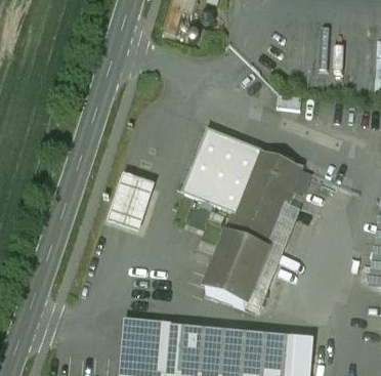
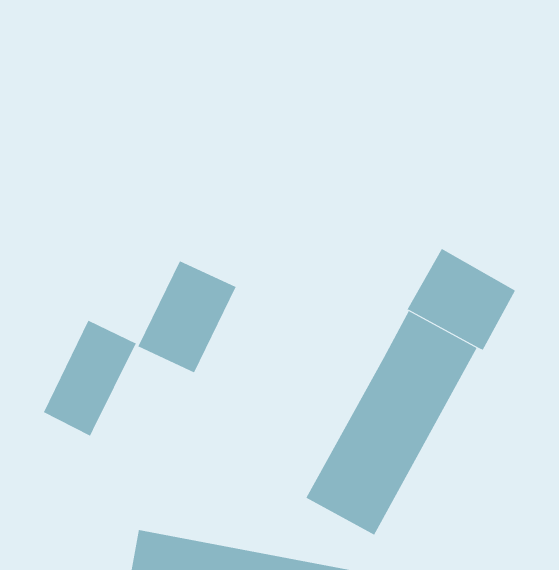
building: [184,131,261,213] -> none
building: none -> [43,320,137,436]

